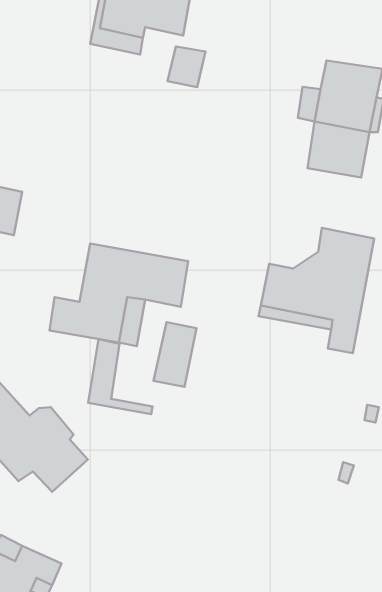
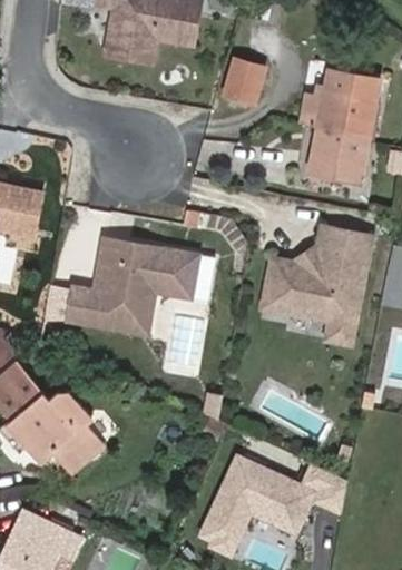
building: [167,47,206,87] -> [222,66,257,104]
building: [88,339,152,414] -> none
building: none -> [202,454,346,551]

